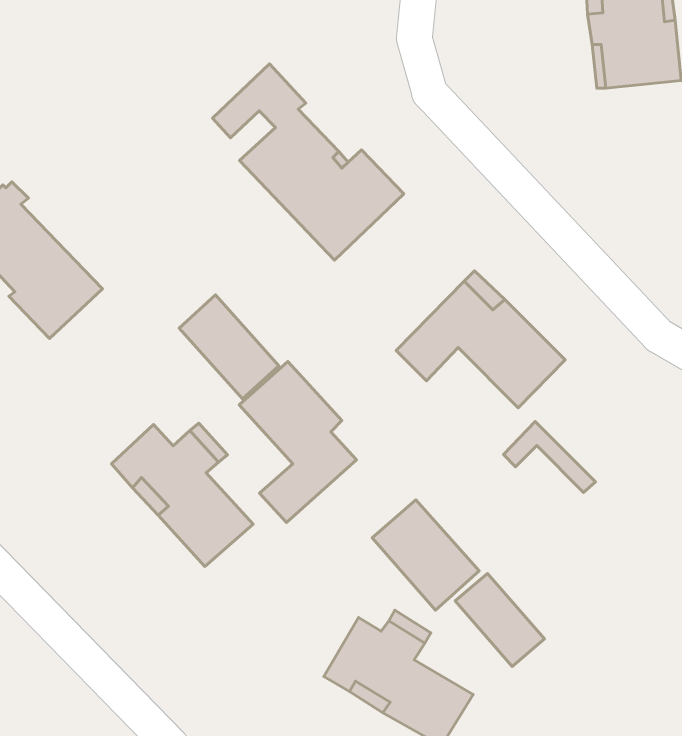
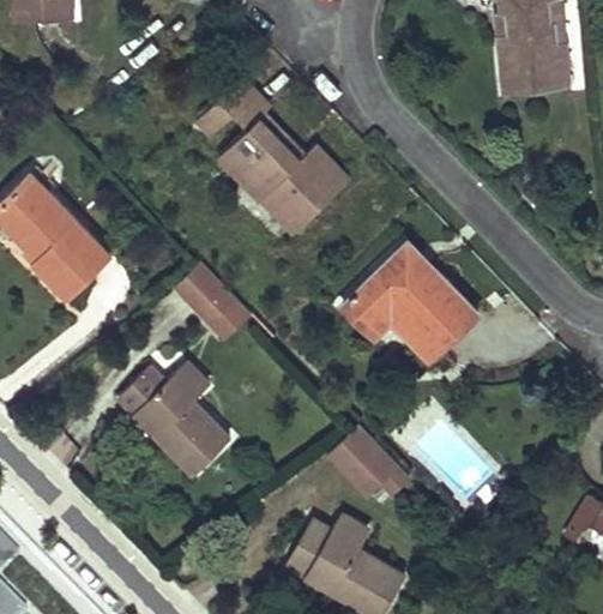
building: [239,362,357,522] -> none
building: [504,421,596,492] -> [367,303,440,360]
building: [455,573,545,666] -> none

